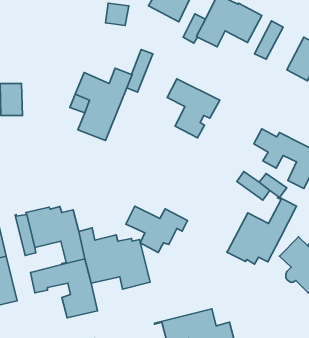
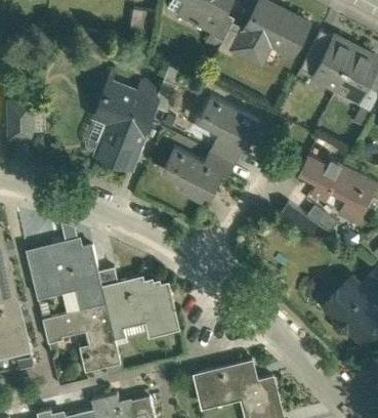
building: none -> [313,38,356,87]
building: [227,197,297,264] -> none
building: [126,206,188,253] -> [164,149,235,202]

